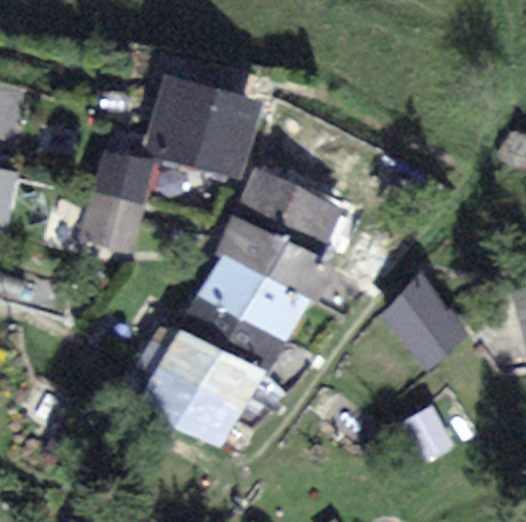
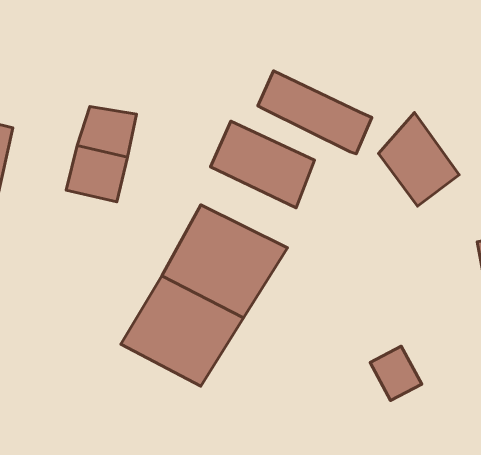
building: [145,77,258,175] -> none
building: [213,216,333,303] -> [258,71,372,154]
building: [382,270,467,369] -> [378,113,459,206]

